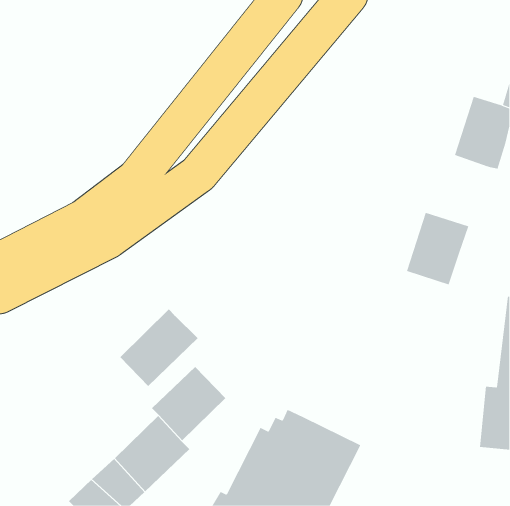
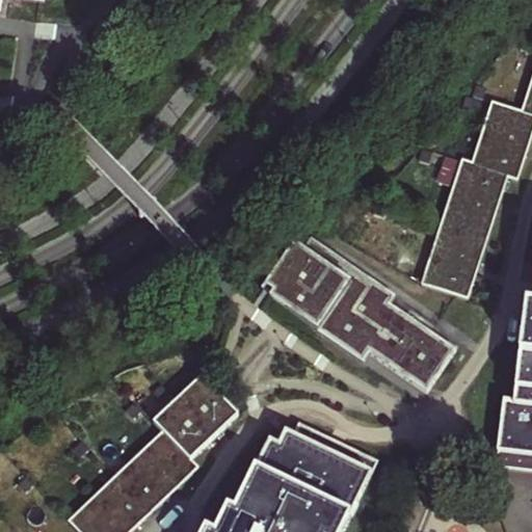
building: none -> [442,158,507,235]
building: none -> [265,229,455,393]
building: [119,309,199,387] -> none

